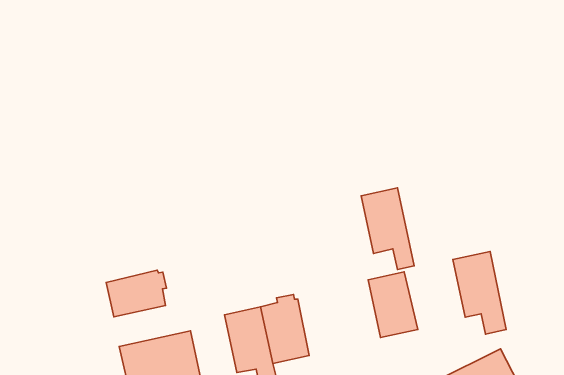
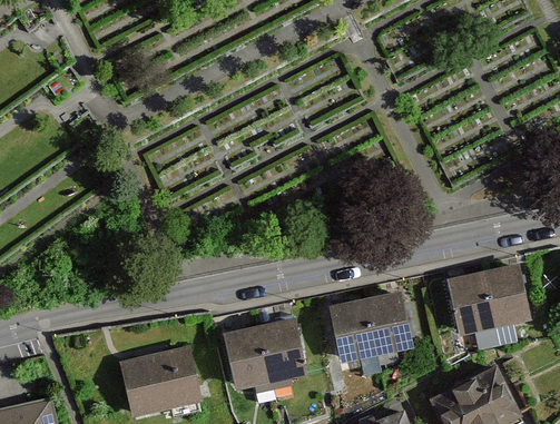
building: [361,188,414,269] -> [328,297,381,377]
building: none -> [484,263,531,346]
building: [106,270,167,317] -> none

